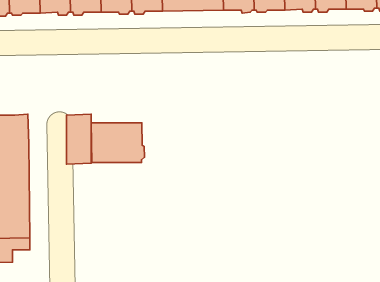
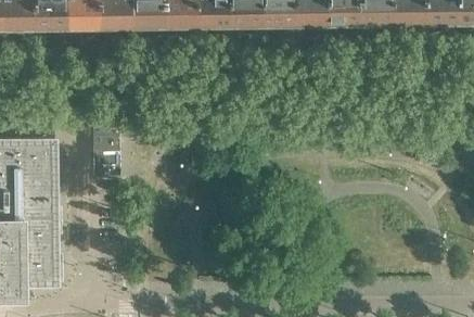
building: [91,123,145,163] -> none

